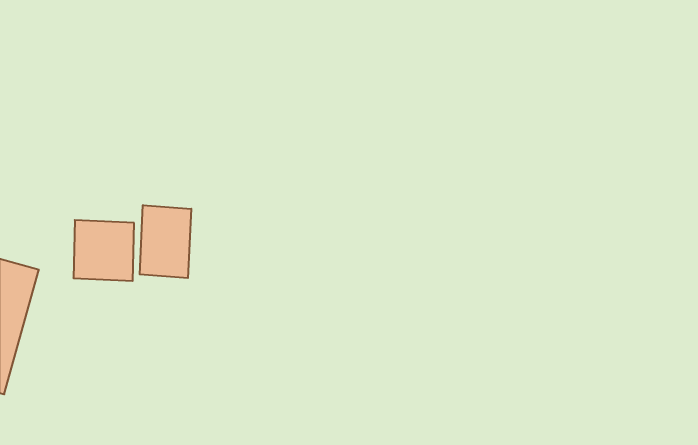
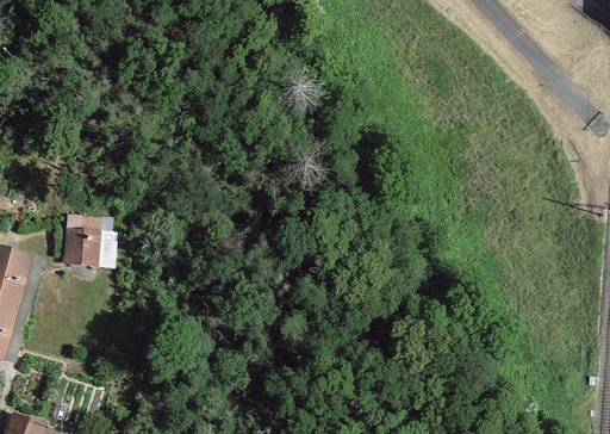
building: [140,205,191,278] -> none

